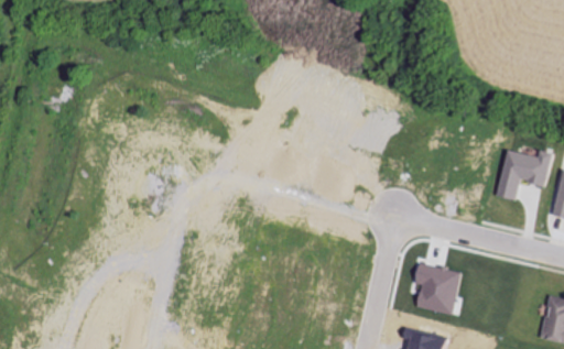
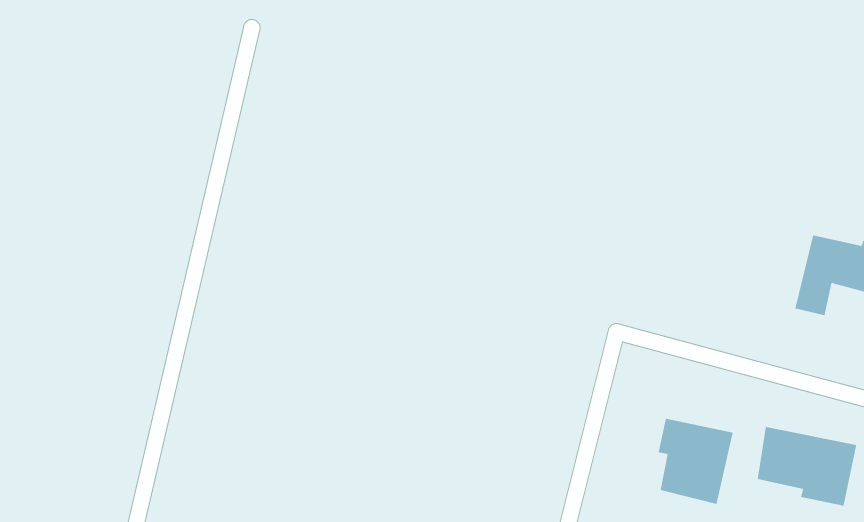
building: none -> [757,426,857,507]

